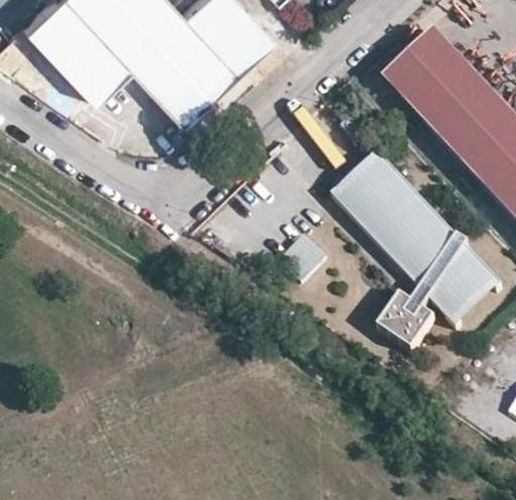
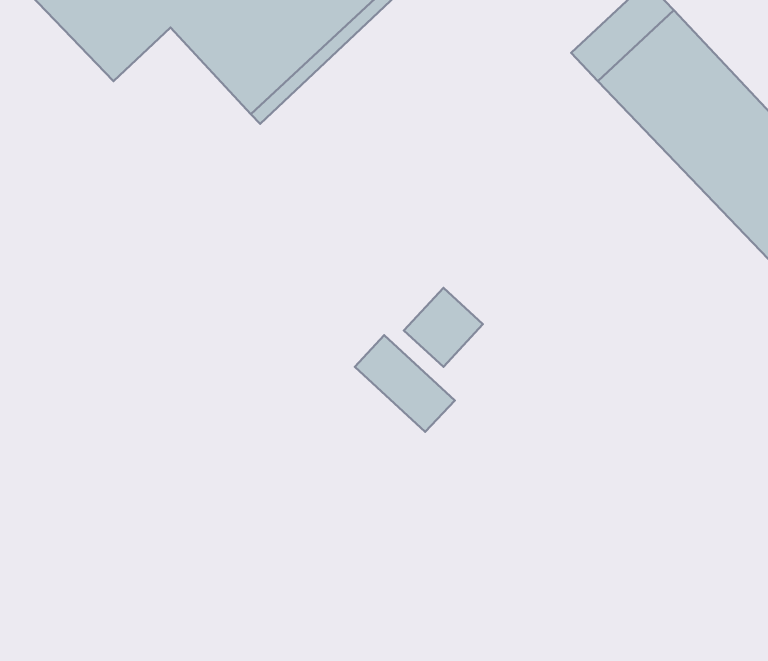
building: [336,153,501,348] -> none
building: none -> [355,335,455,432]

